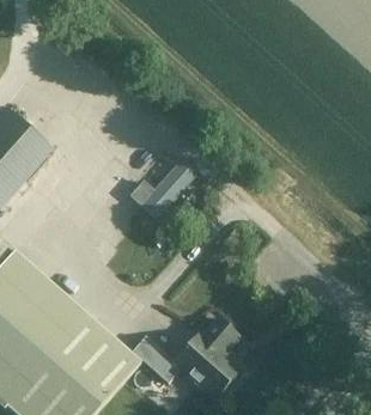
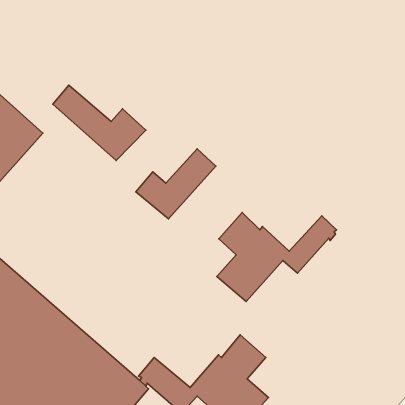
building: none -> [53,85,146,160]
building: none -> [217,212,337,302]

